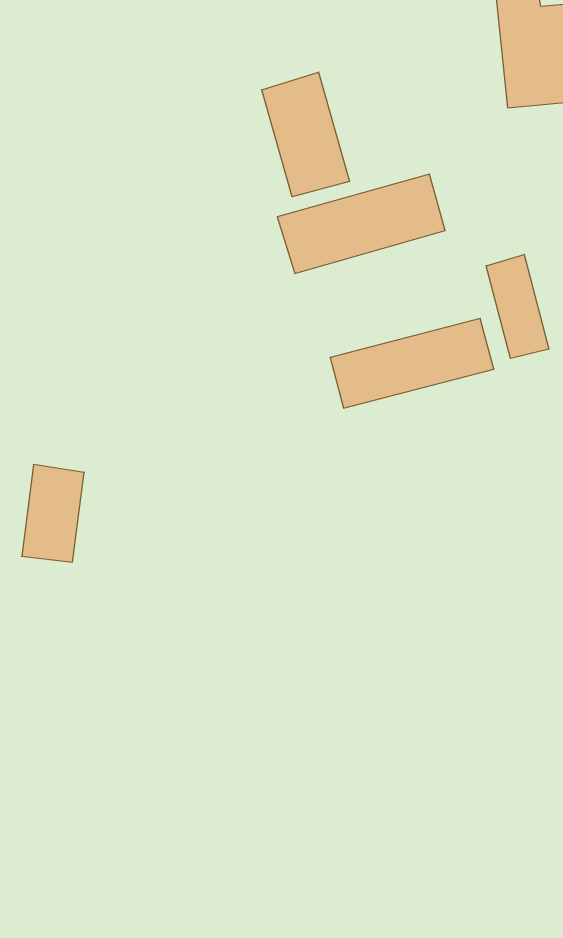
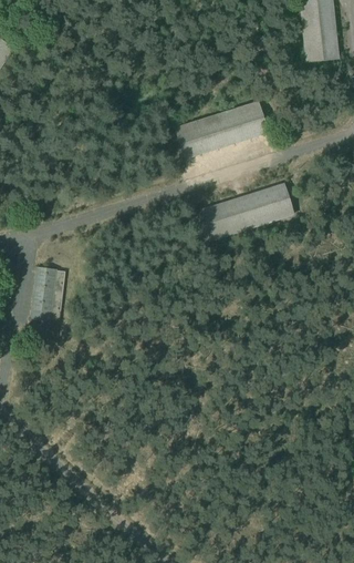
building: [262,72,349,197] -> none
building: [486,254,549,358] -> none

